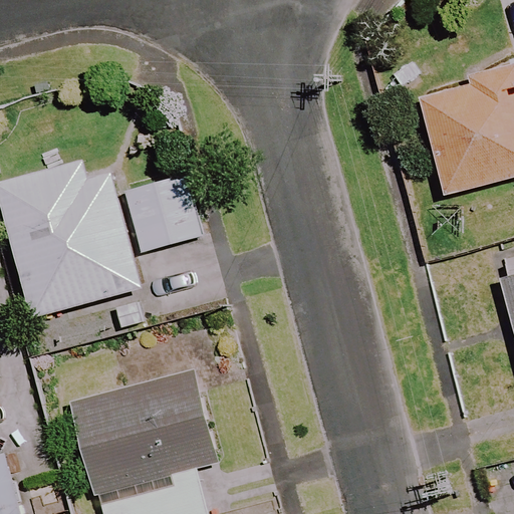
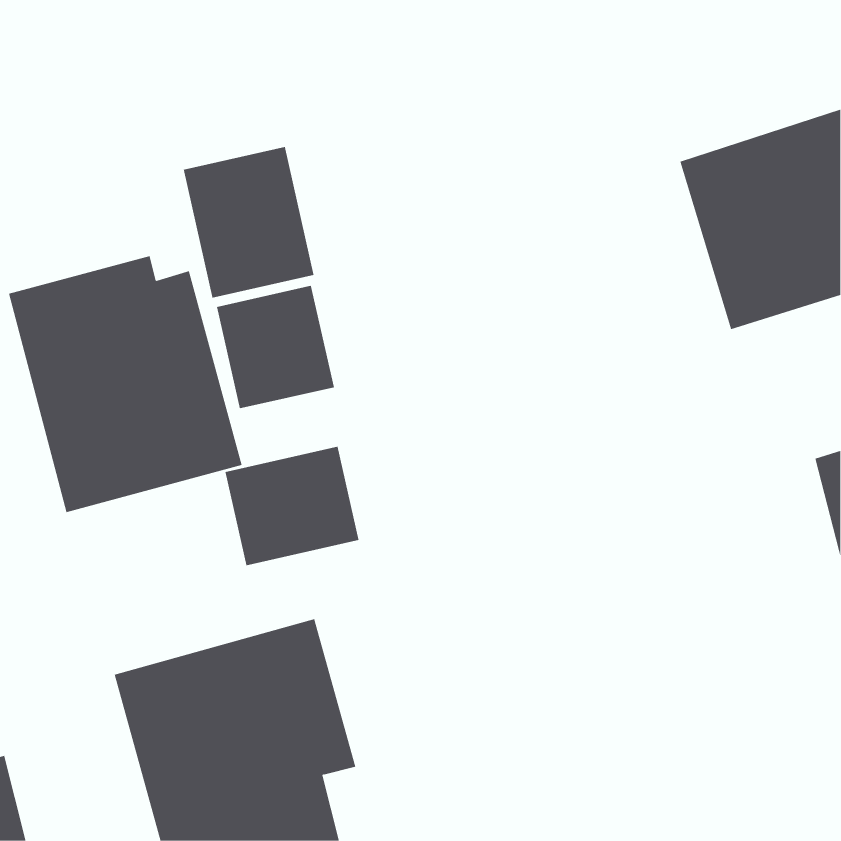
building: none -> [183,146,314,299]
building: none -> [225,446,359,566]

